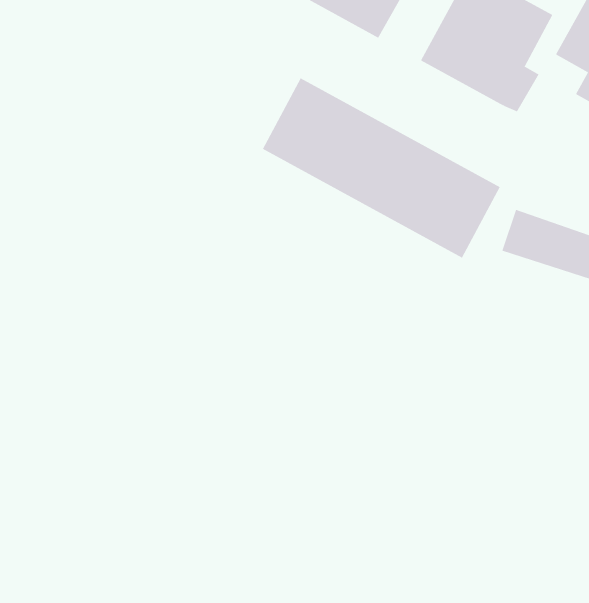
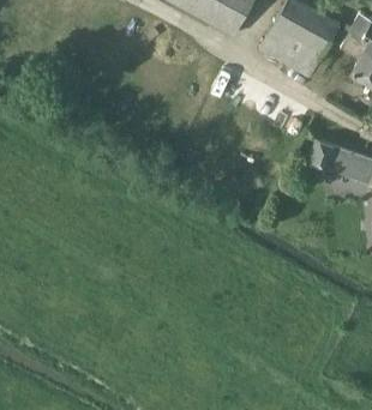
building: [262,78,501,258] -> none

